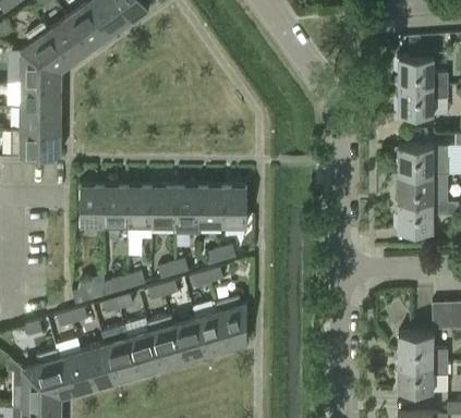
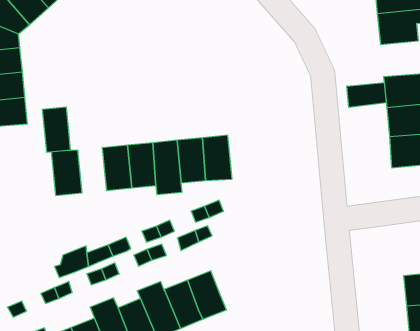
building: none -> [347,82,386,107]
building: [105,186,128,226] -> [42,107,71,152]
building: [216,296,247,349] -> none

